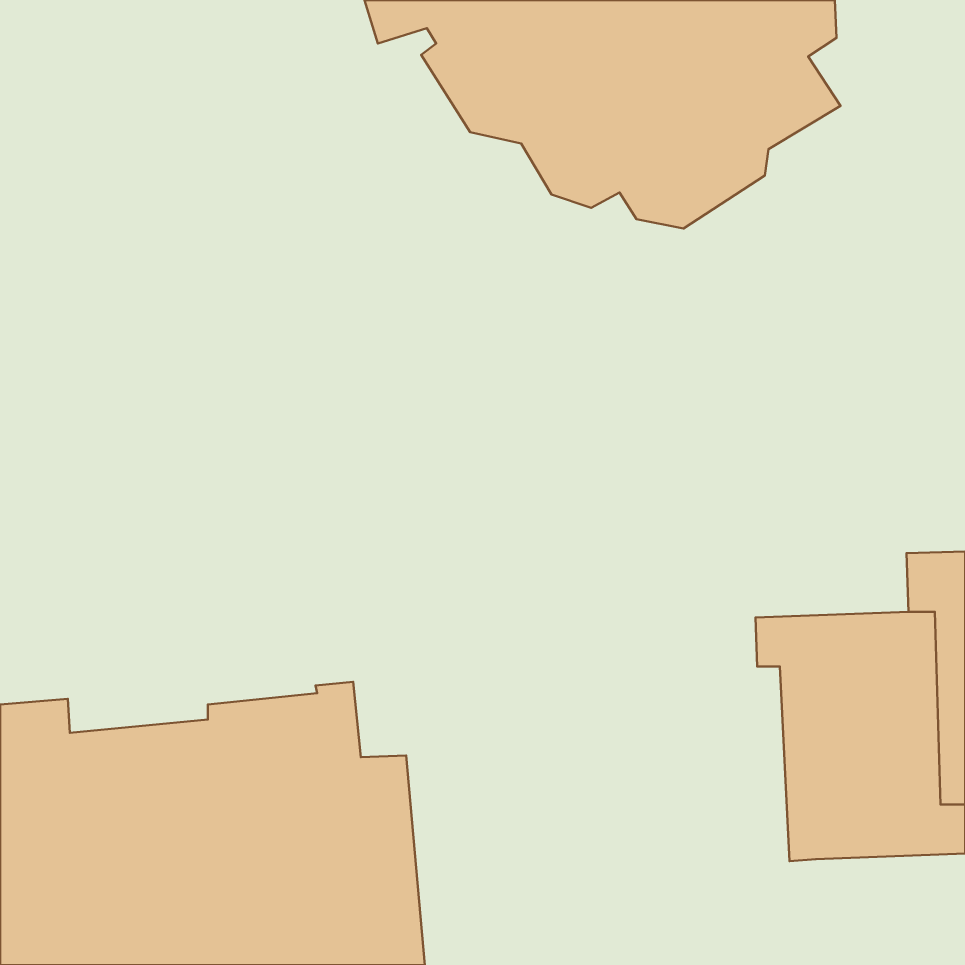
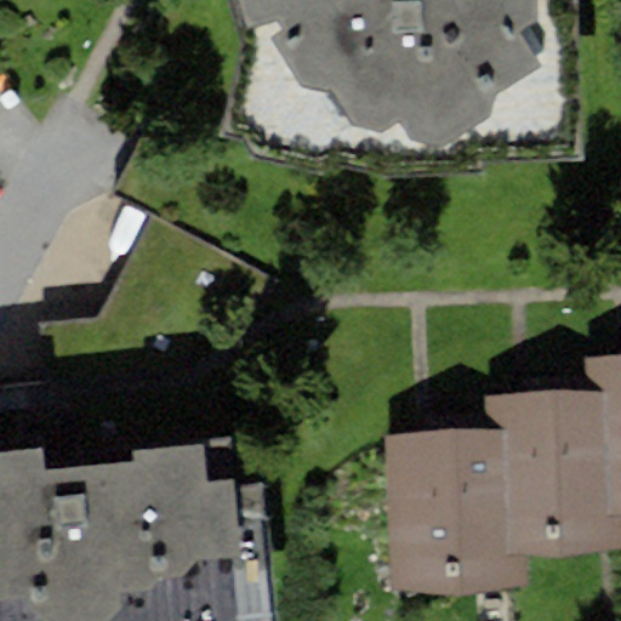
building: none -> [384,428,526,598]

